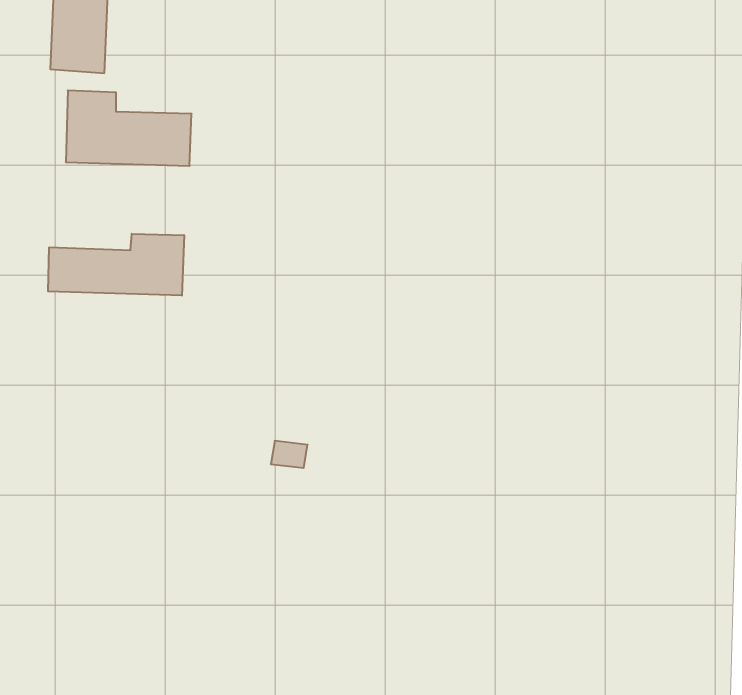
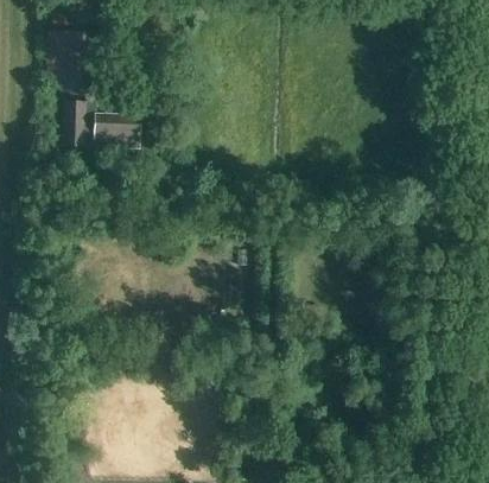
building: [48,234,184,296] -> none

